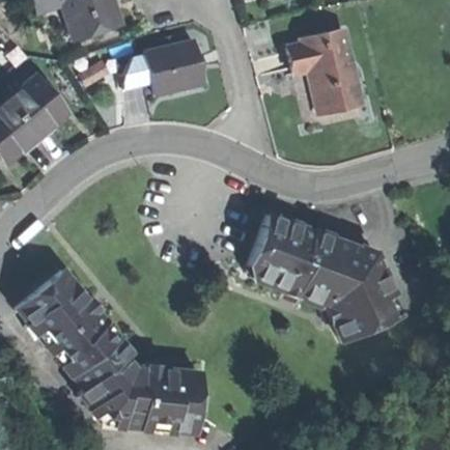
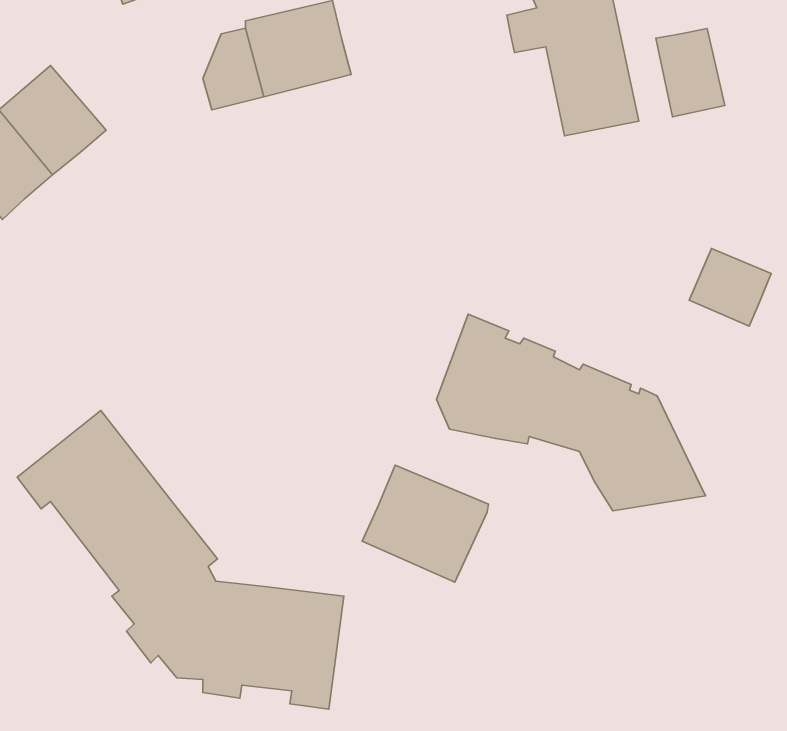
building: none -> [656,28,725,117]
building: none -> [689,249,771,326]
building: none -> [362,465,488,582]

